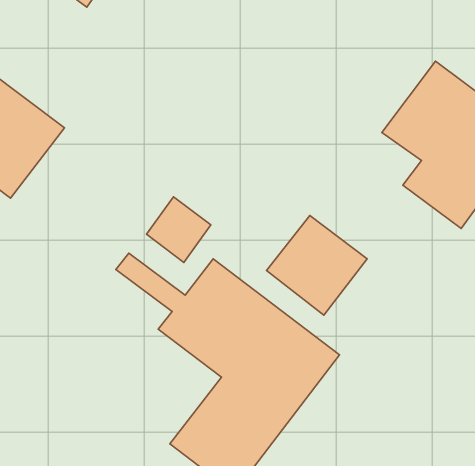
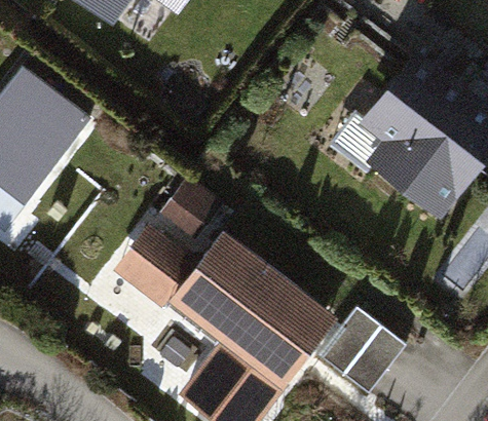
building: [267,216,367,315] -> [313,311,402,398]

